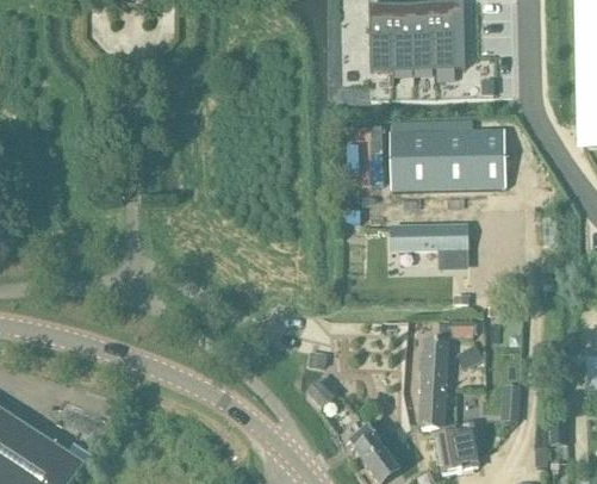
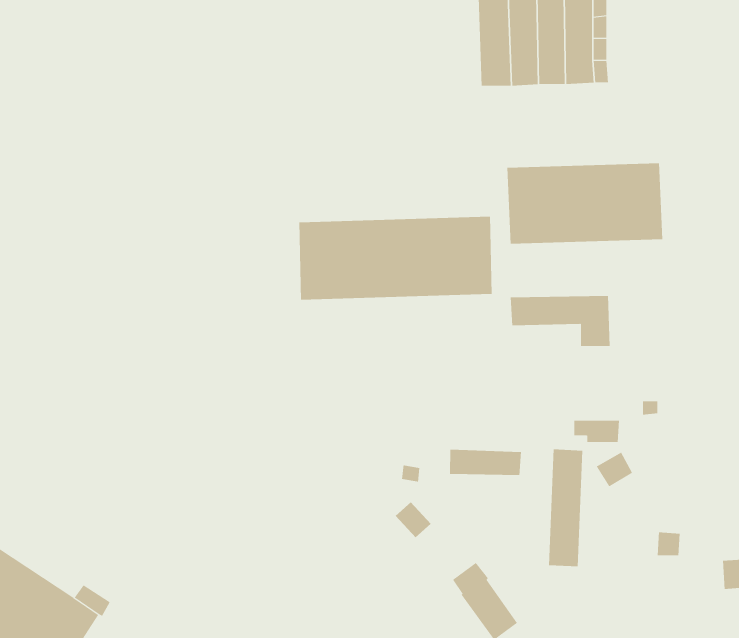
building: none -> [299,216,492,300]
building: none -> [450,449,521,476]
building: [435,428,481,472] -> none

